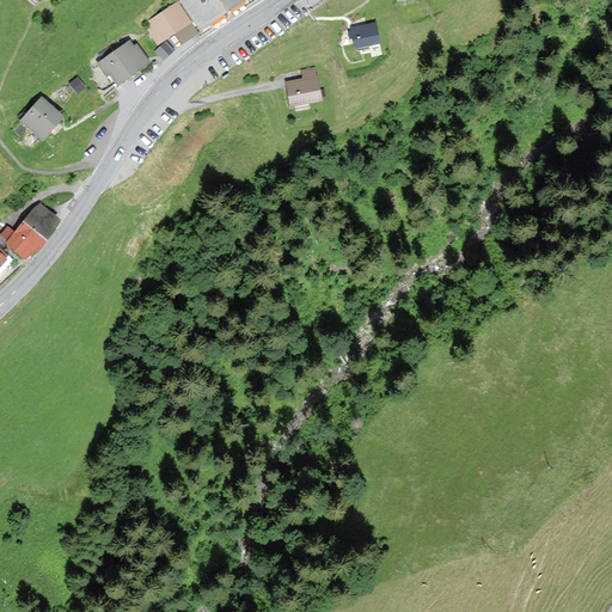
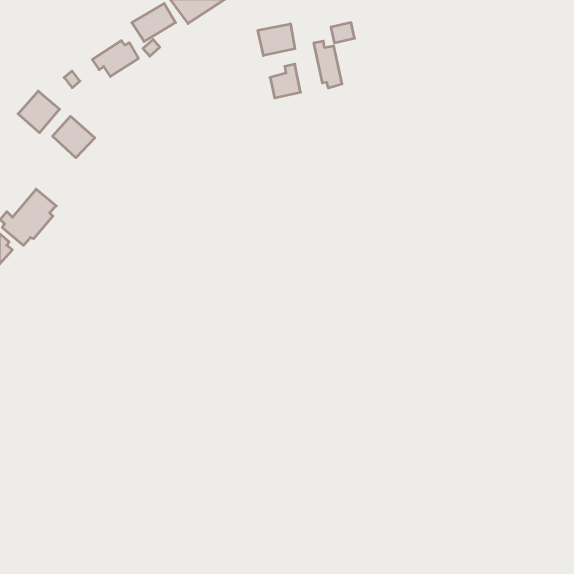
building: none -> [258,24,295,56]
building: none -> [314,41,342,88]
building: none -> [53,116,95,158]

